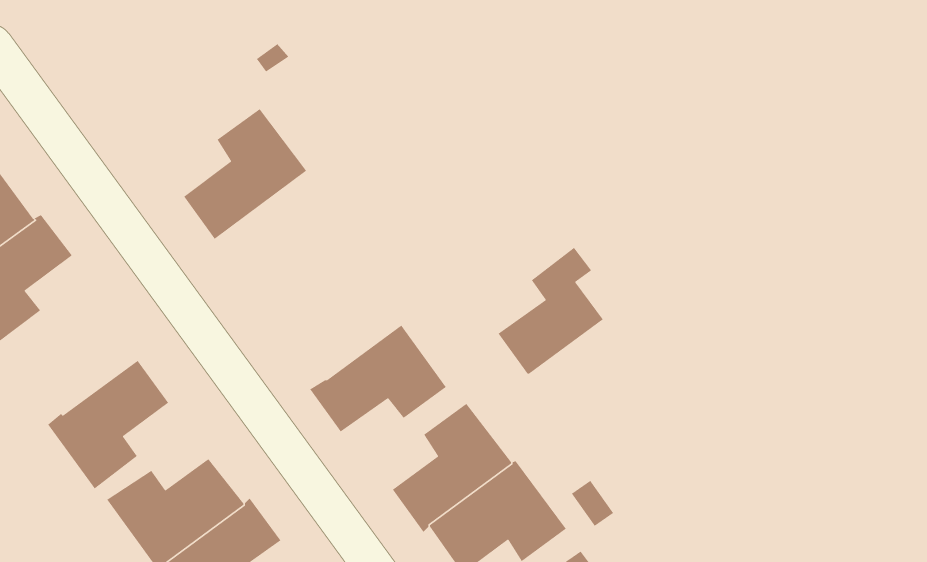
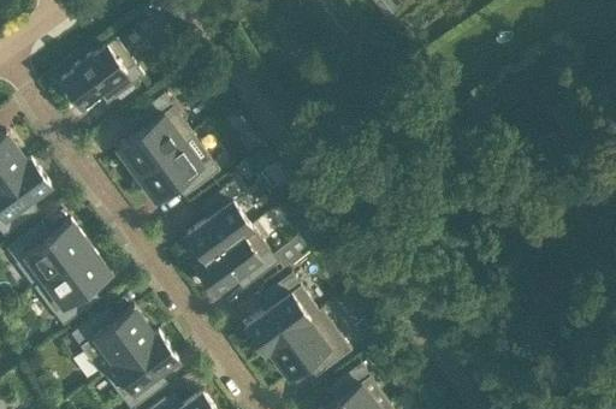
building: none -> [60,40,144,106]
building: none -> [136,132,220,201]
building: [498,247,604,375] -> [185,182,250,260]
building: none -> [14,221,89,281]

